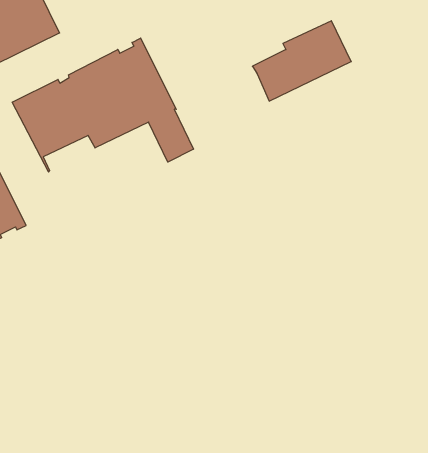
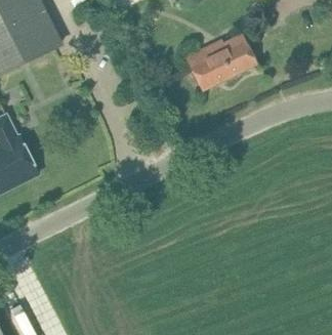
building: [12,38,193,172] -> none

